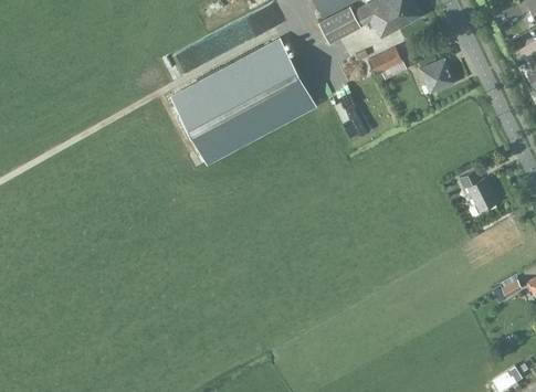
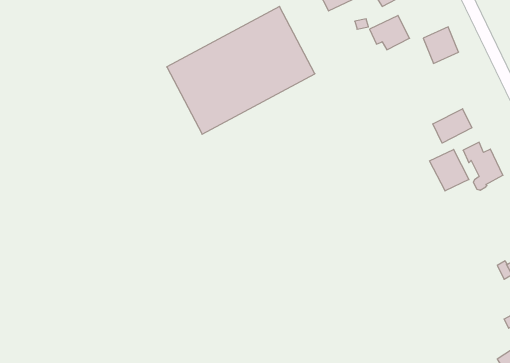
building: none -> [433,109,472,143]
building: none -> [430,149,469,191]

